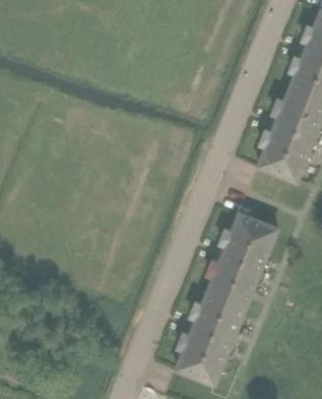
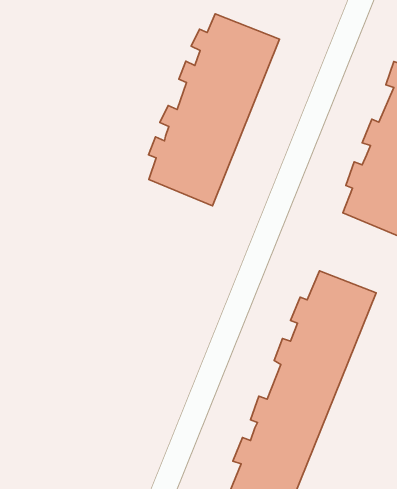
building: none -> [148,14,279,206]

